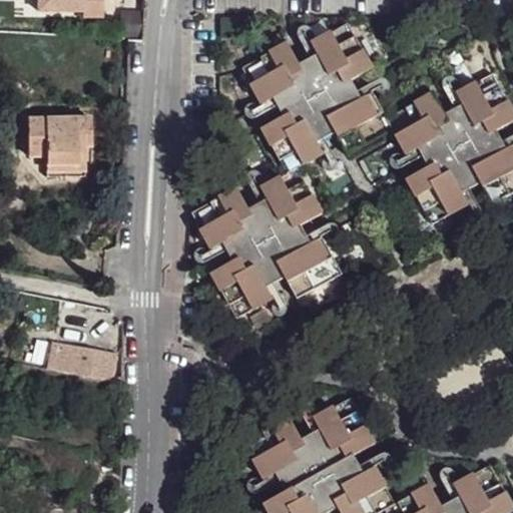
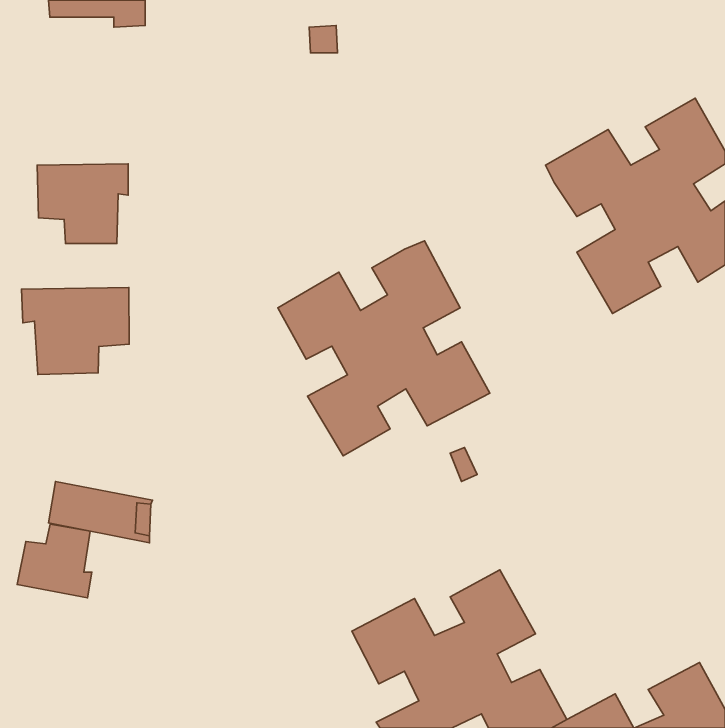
building: [239,23,390,175] -> none
building: none -> [22,288,129,374]
building: none -> [17,524,92,598]

